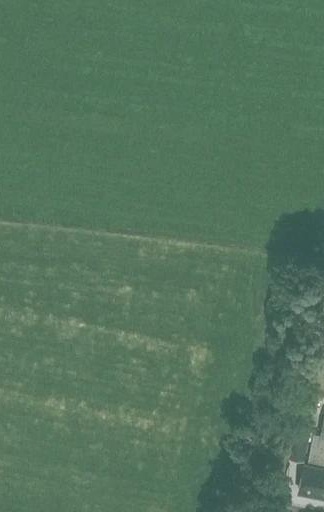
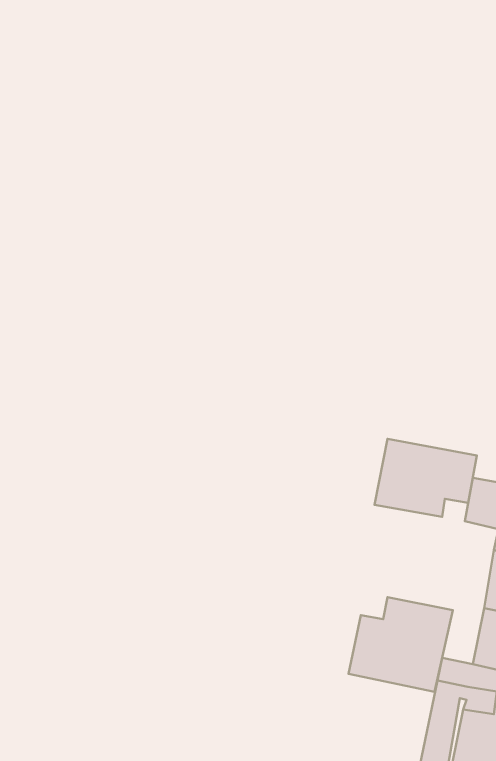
building: none -> [374,439,477,517]
building: none -> [349,597,453,692]

